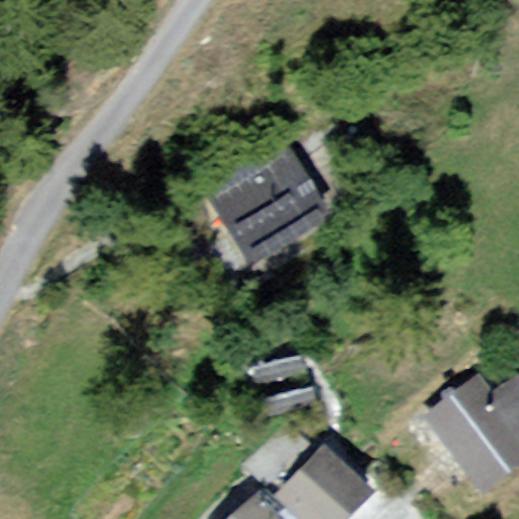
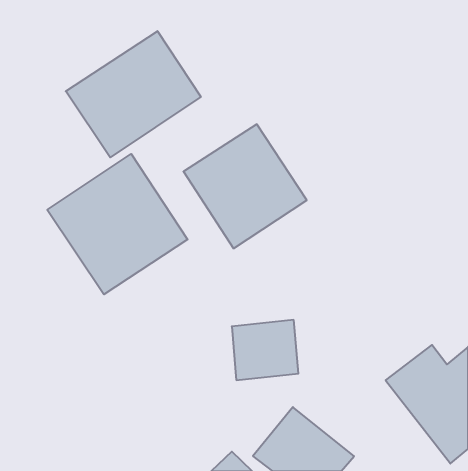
building: none -> [66,31,201,157]
building: none -> [47,154,188,294]

